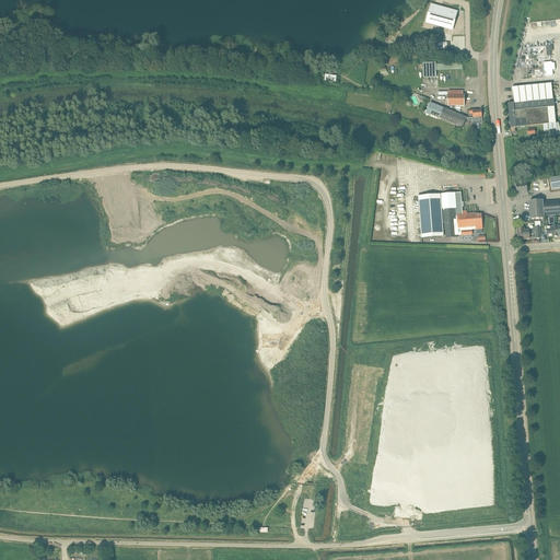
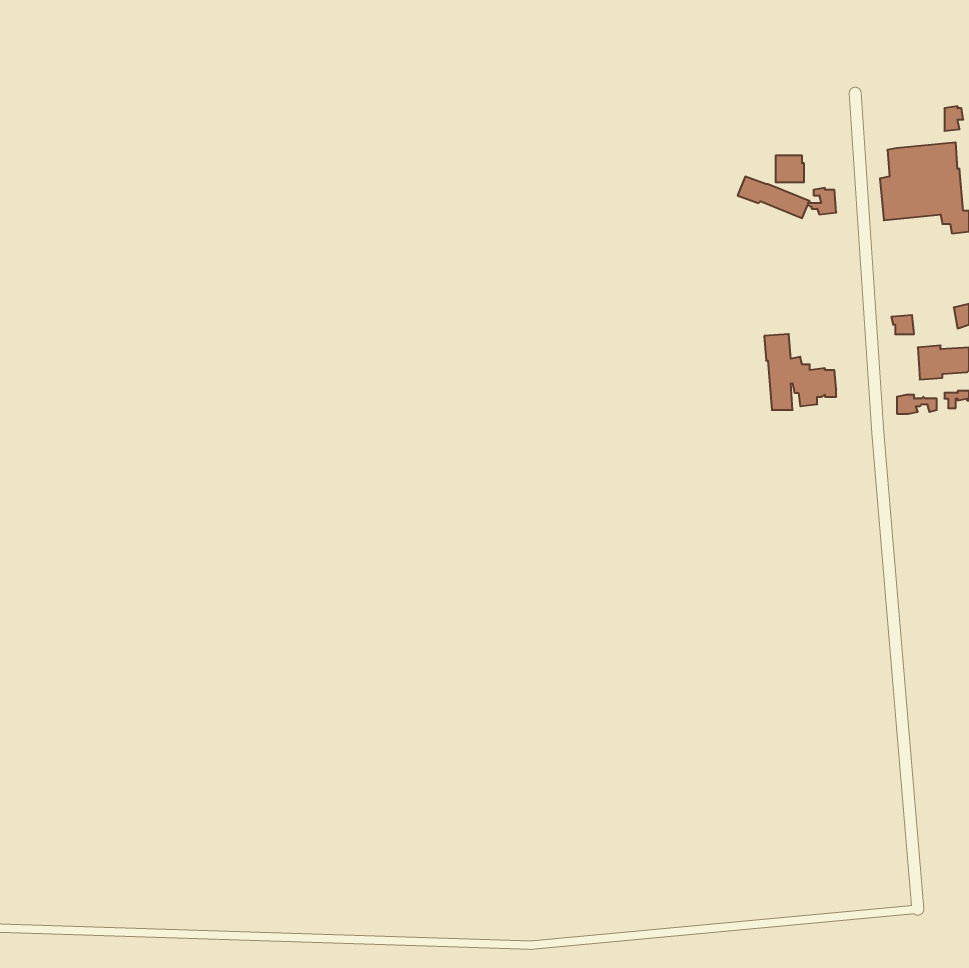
building: [427,5,457,26] -> none
building: [419,194,444,237] -> none

